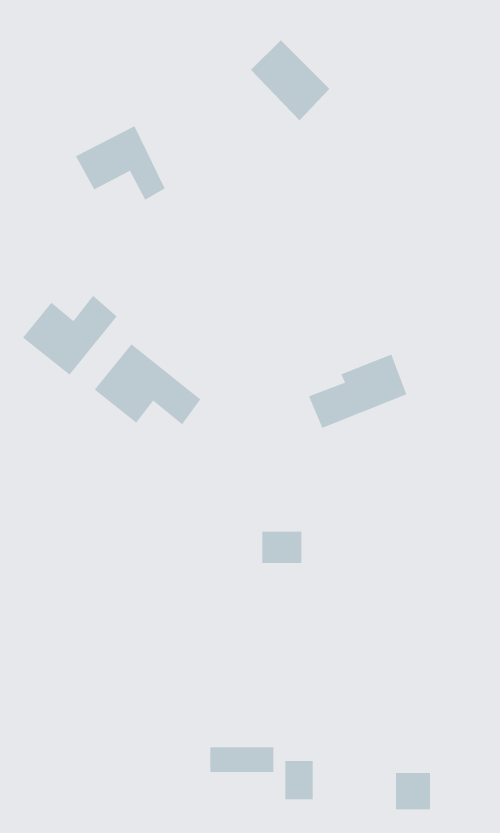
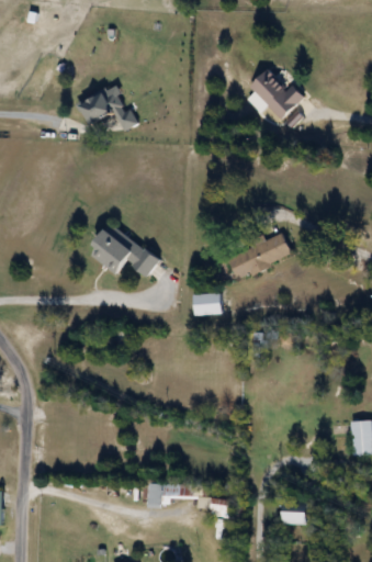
building: [250,39,330,121] -> [248,68,300,121]
building: [22,295,117,376] -> none
building: [261,531,302,564] -> [193,294,219,315]

